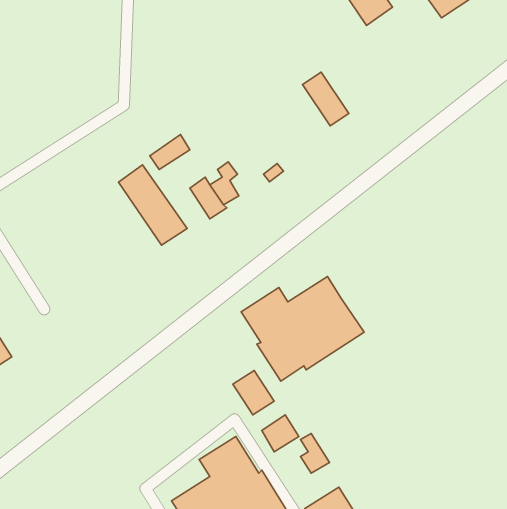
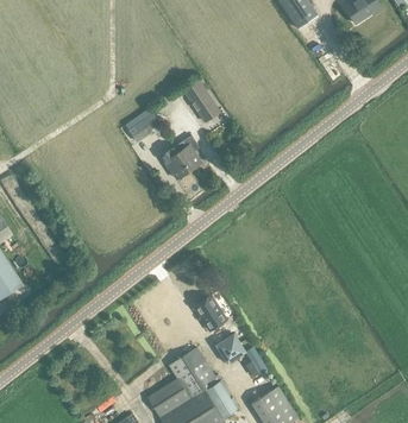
building: [303,72,349,126] -> [183,81,219,122]
building: [119,165,187,245] -> none
building: [241,276,364,381] -> none

